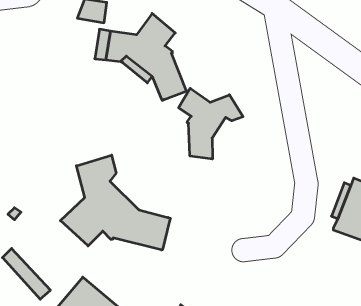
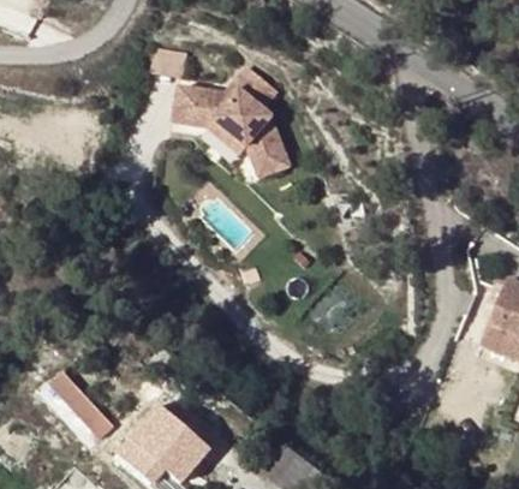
building: [179,88,243,159] -> none
building: [60,155,170,250] -> none

